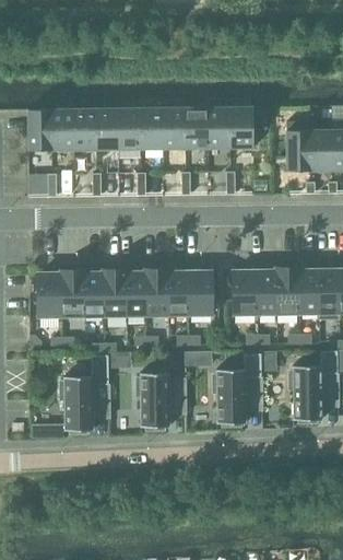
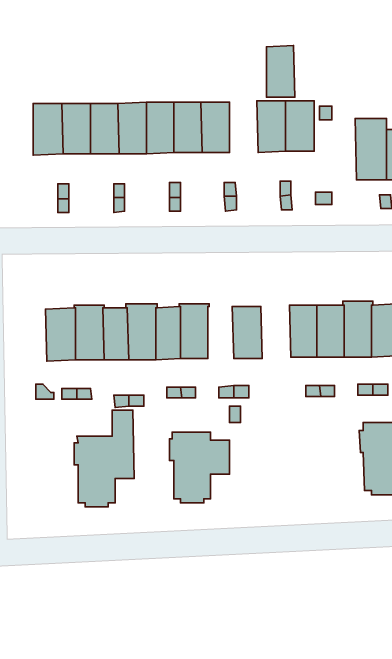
building: [185,107,208,149] -> [266,45,295,97]
building: [167,272,188,314] -> none
building: [213,353,261,427] -> none

